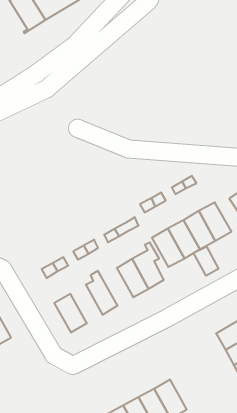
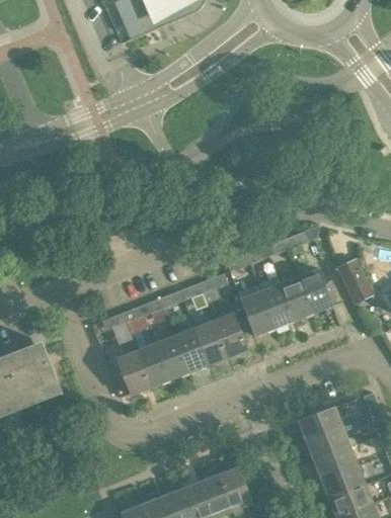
building: [194,246,218,276] -> none
building: none -> [174,323,208,372]
building: none -> [136,343,169,387]

